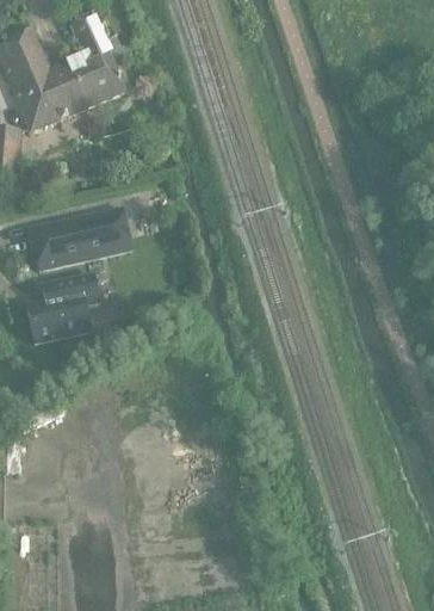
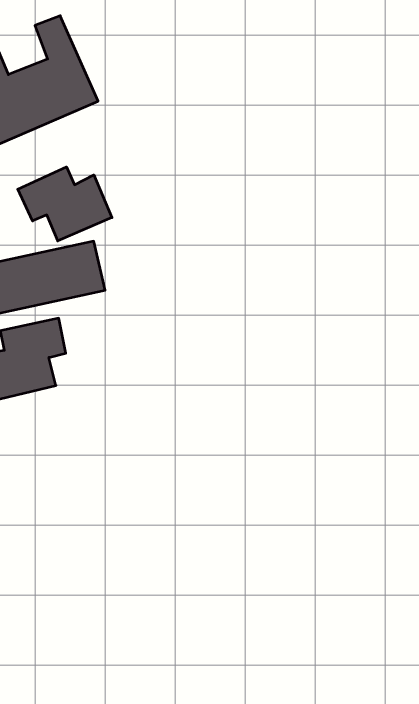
building: none -> [18,167,112,241]

